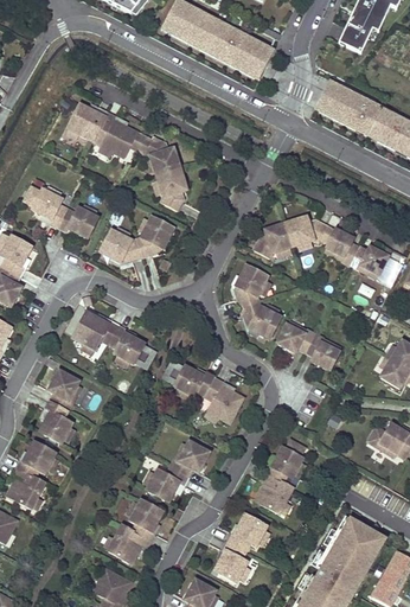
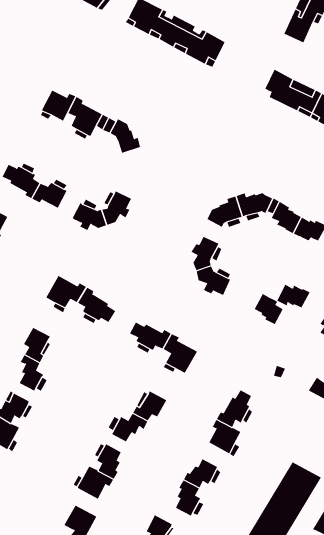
building: [158,167,184,209] -> none
building: [277,321,315,349] -> [276,284,310,308]

